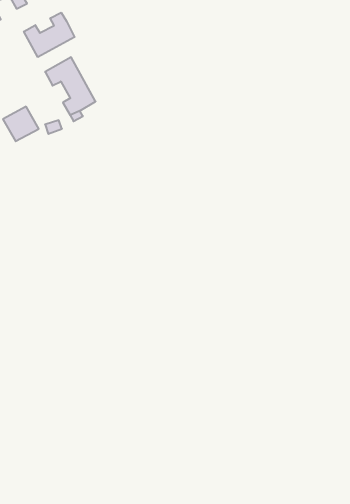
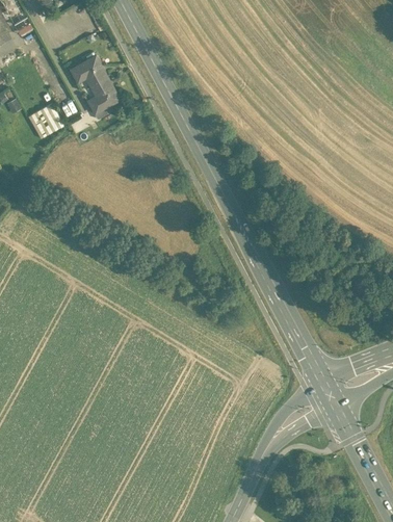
building: [24,13,75,57] -> none

